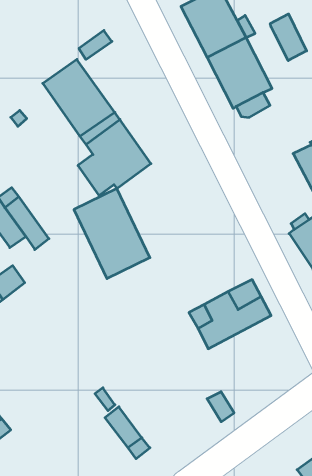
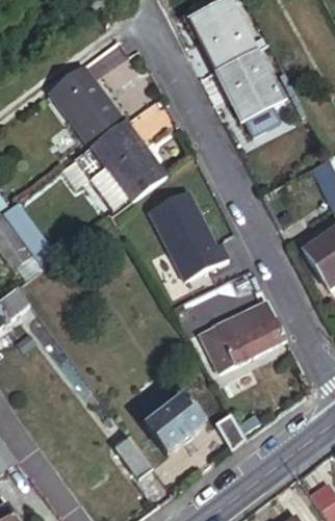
building: [270,14,307,61] -> none
building: [74,189,150,279] -> [146,185,225,279]
building: none -> [150,394,208,451]

